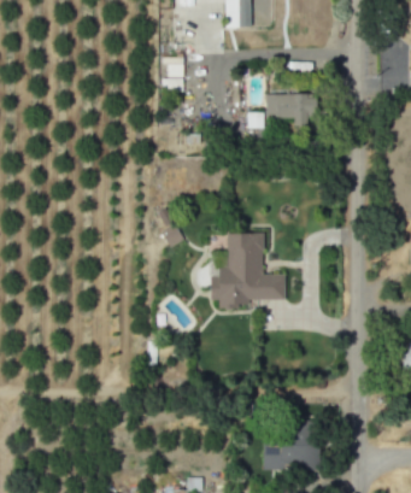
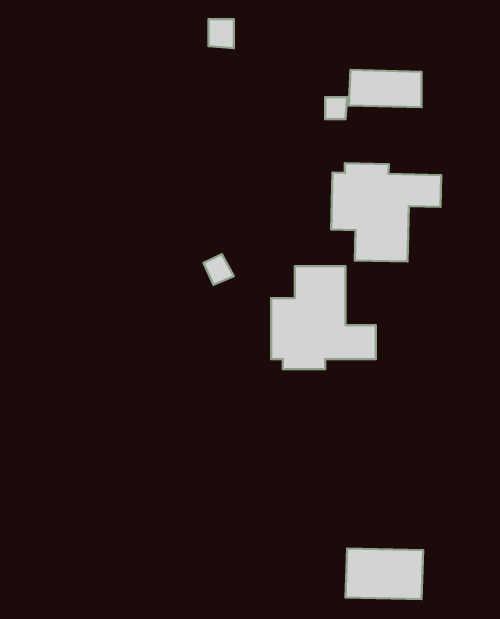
building: none -> [331,163,441,262]

